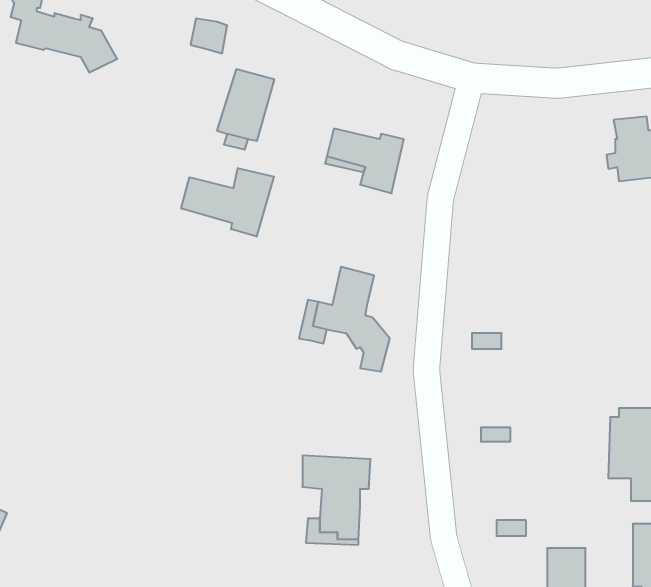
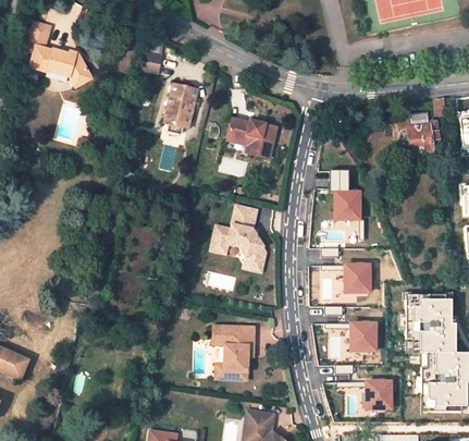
building: [181,168,274,237] -> none
building: none -> [328,170,358,219]
building: none -> [343,264,368,292]
building: none -> [351,322,375,350]

